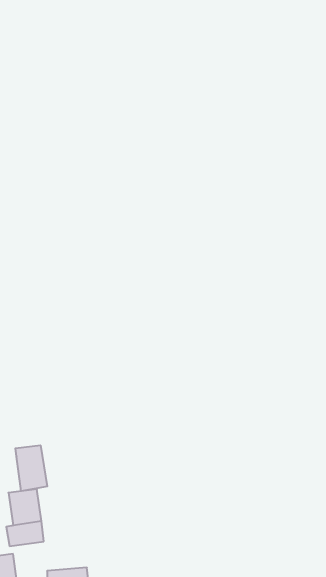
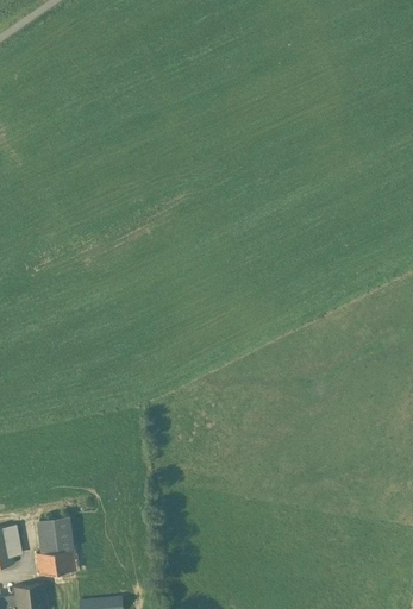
building: [15,445,47,491] -> none

